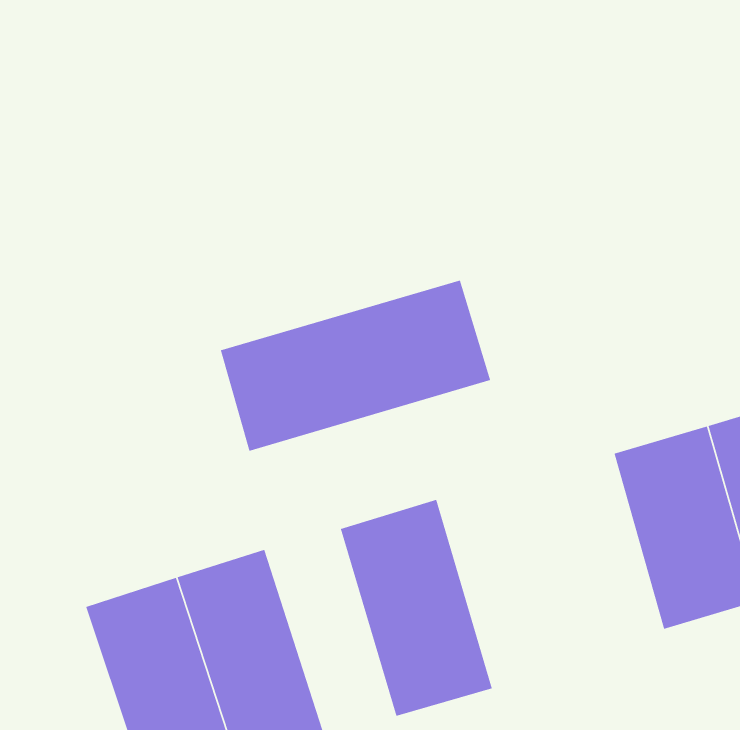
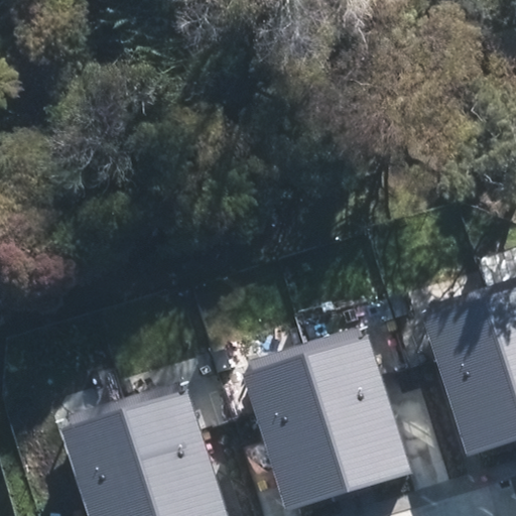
building: [220,279,491,452] -> none
building: none -> [307,342,402,487]

